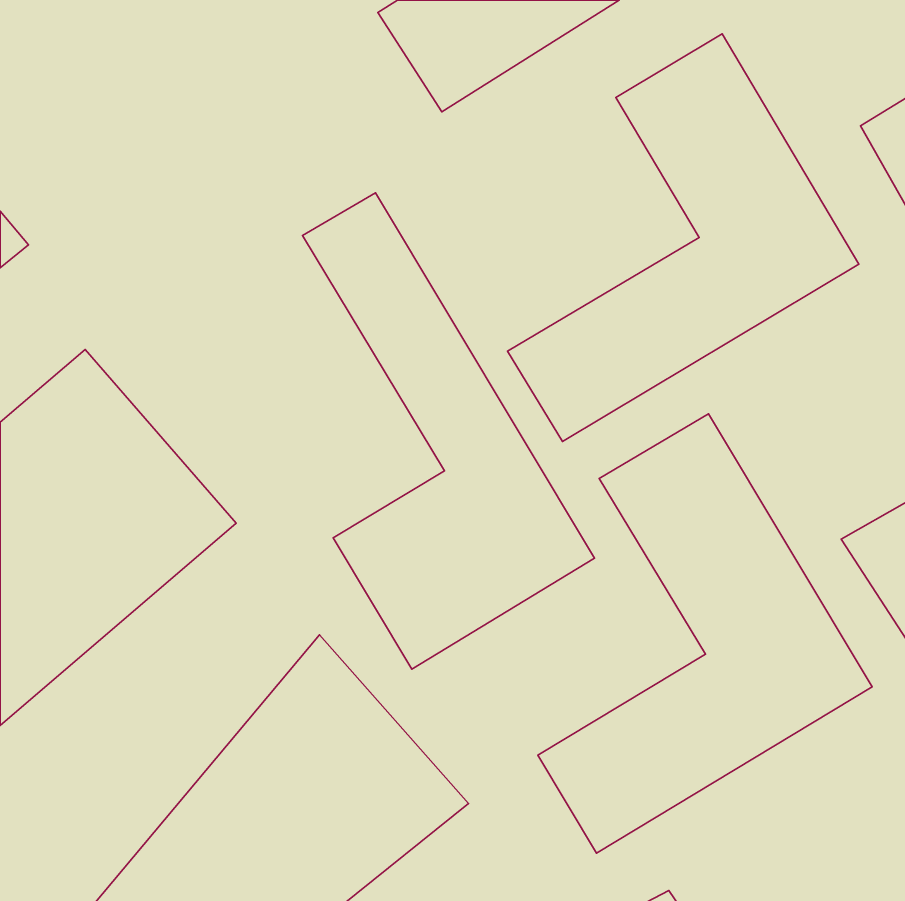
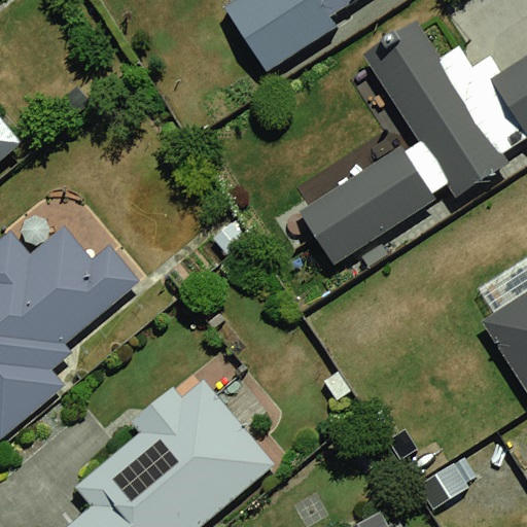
building: [303,193,594,669] -> none
building: [538,414,872,853] -> none

